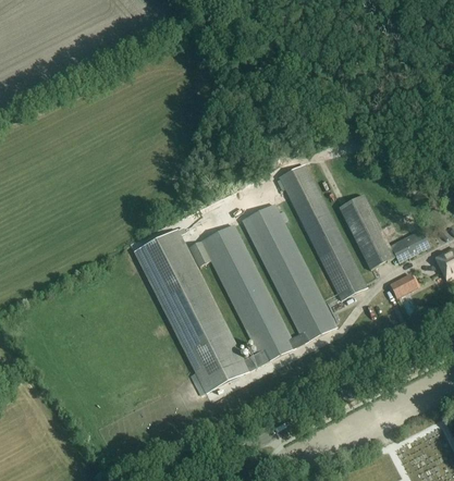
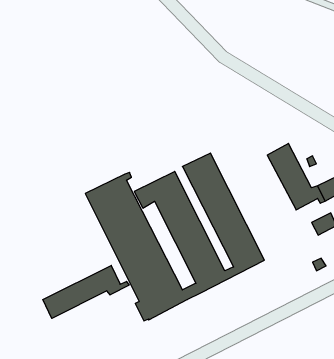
building: [279,164,365,298] -> none
building: none -> [43,265,129,318]

